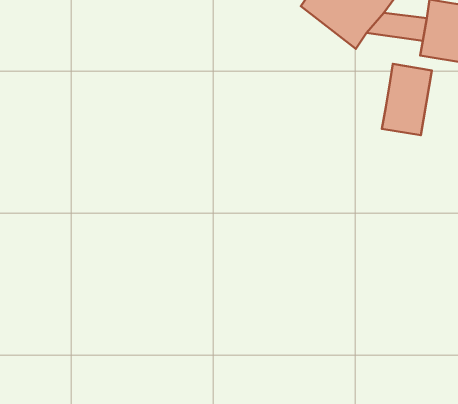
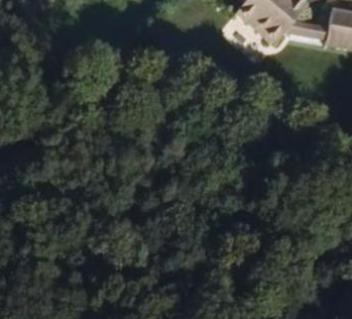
building: [382,64,432,135] -> none

